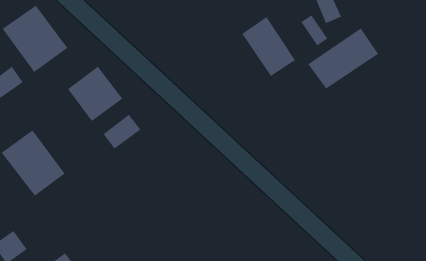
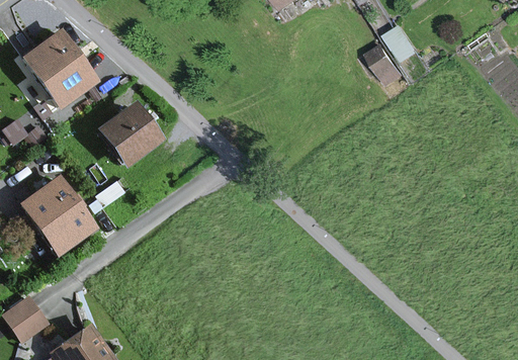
building: [241,16,296,77] -> none
building: [308,28,379,90] -> none
building: [103,114,141,150] -> none

